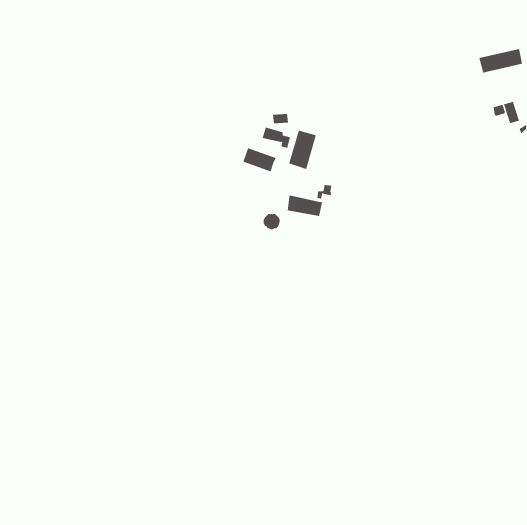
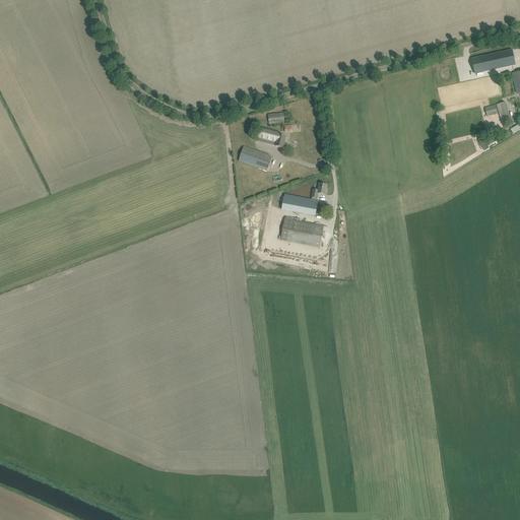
building: [288,130,316,170] -> none
building: none -> [280,217,324,246]

